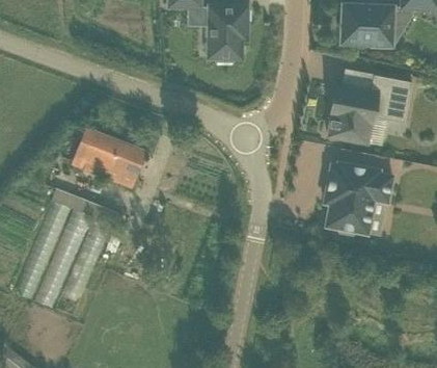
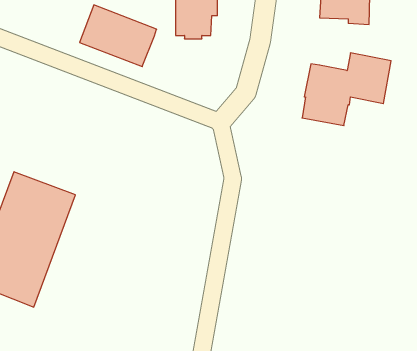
building: [73,128,145,186] -> [80,5,157,67]
building: [325,161,393,234] -> none

